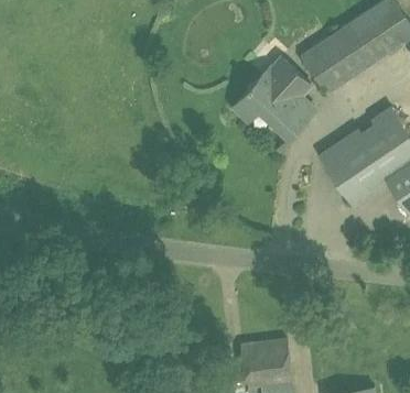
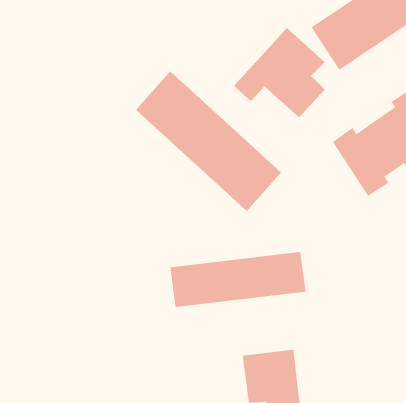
building: none -> [135,71,282,212]
building: none -> [169,251,306,308]

